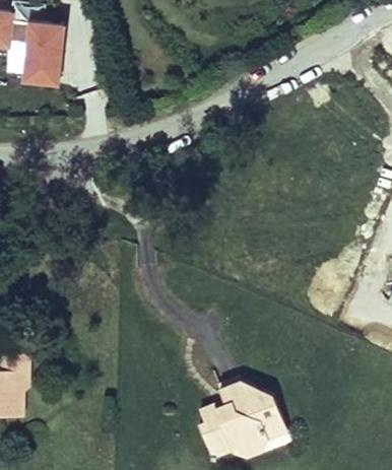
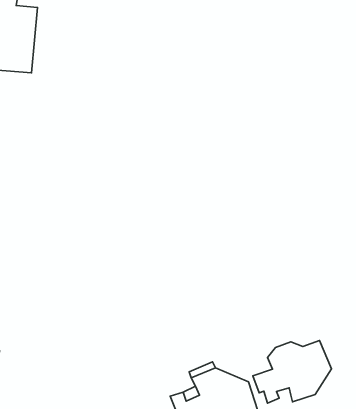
building: none -> [253,341,331,403]

